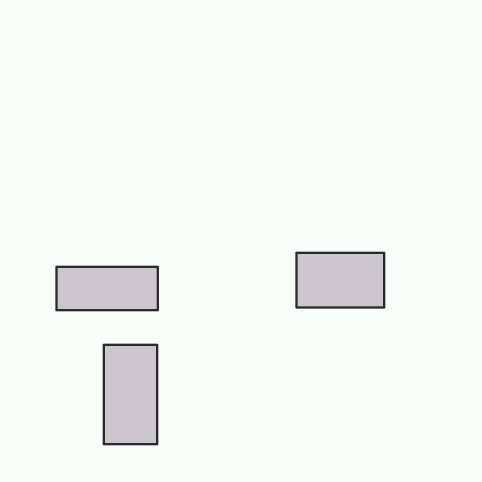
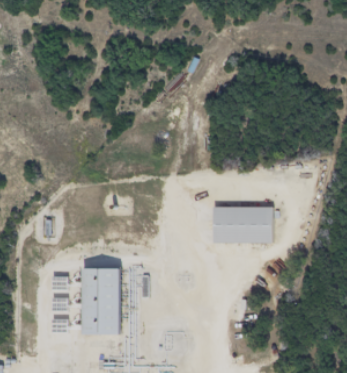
building: [56,267,158,310] -> none

